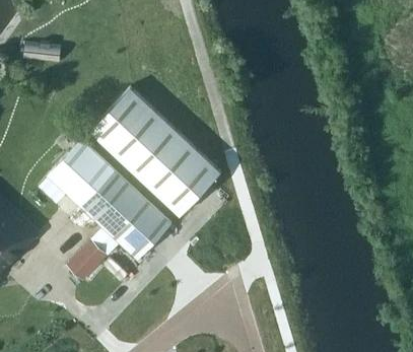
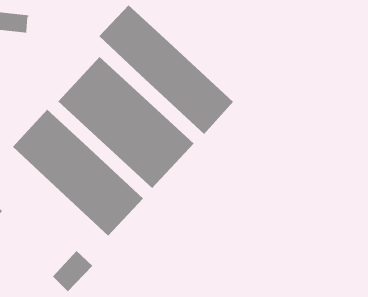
building: none -> [99,4,234,135]
building: [67,239,107,280] -> [52,250,93,292]

